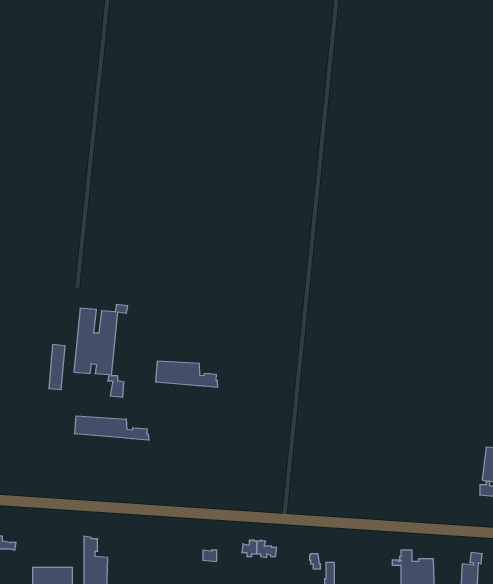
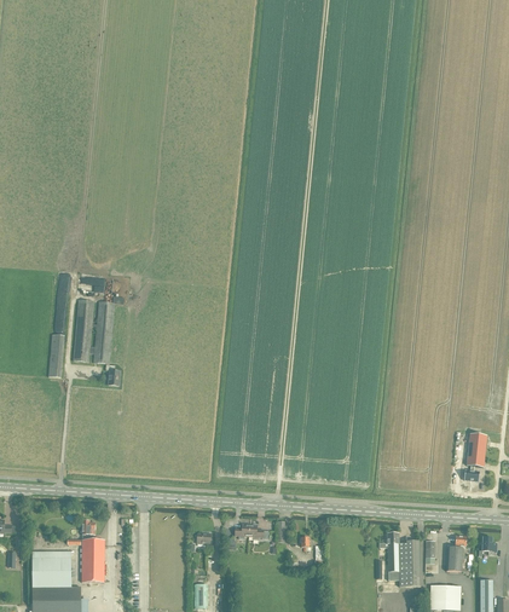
building: [156,361,218,387] -> none
building: [75,416,149,440] -> none

